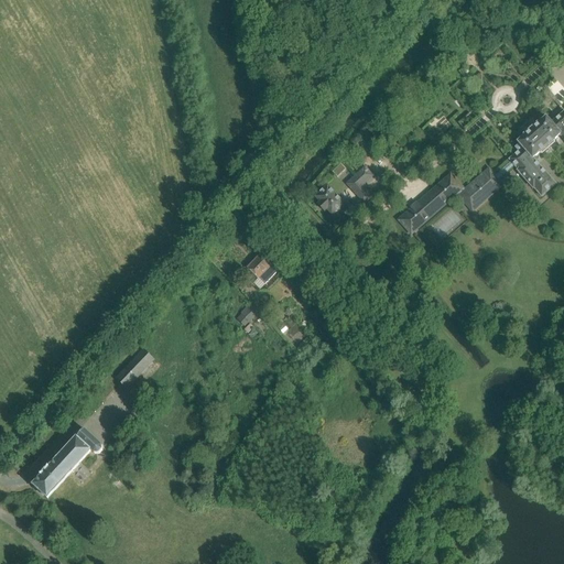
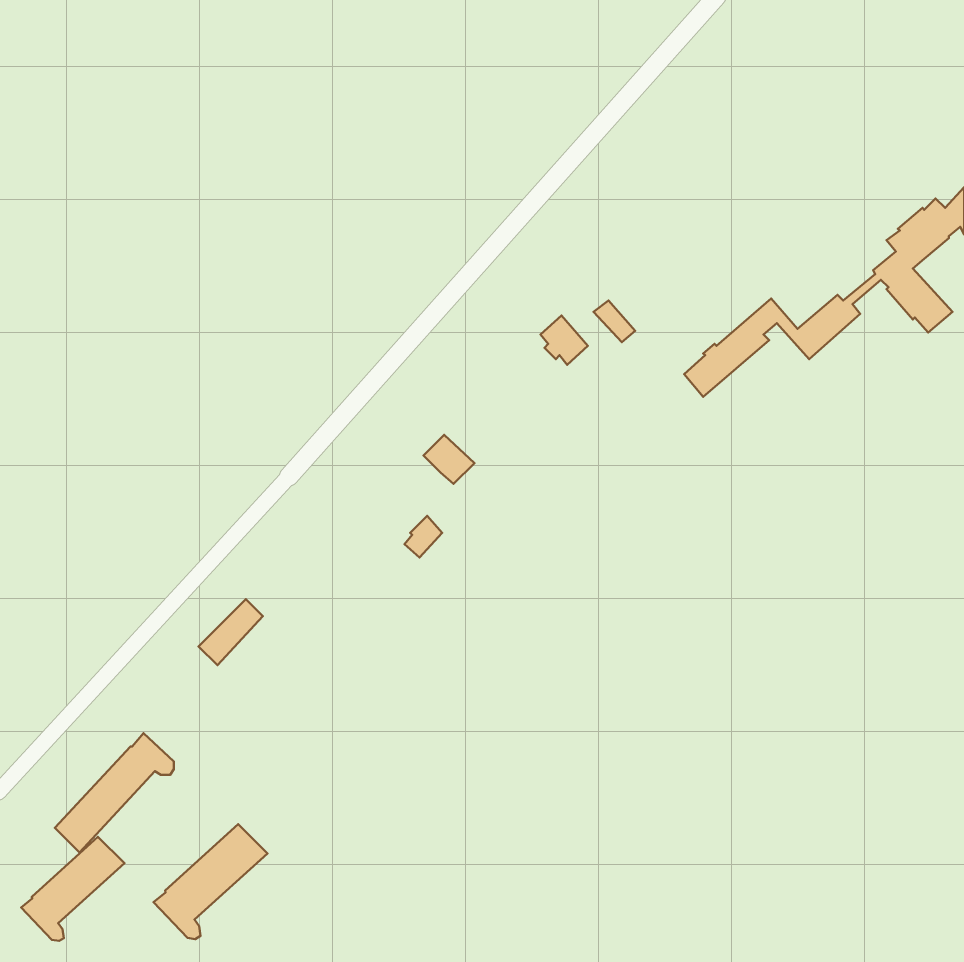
building: none -> [153,824,267,939]
building: none -> [21,837,124,941]

